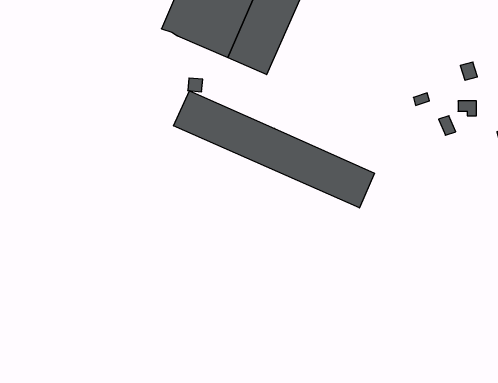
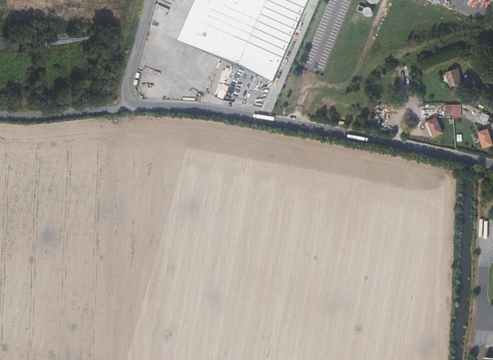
building: [174,91,375,208] -> none

